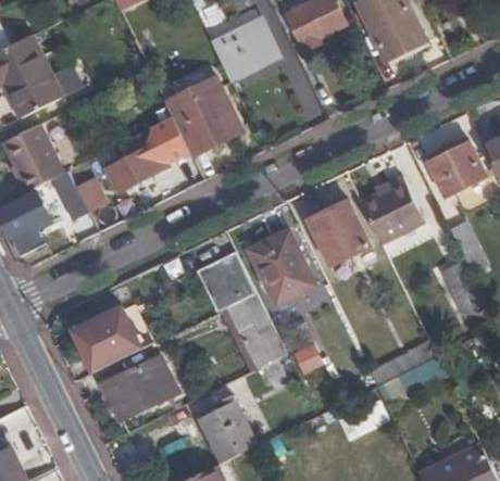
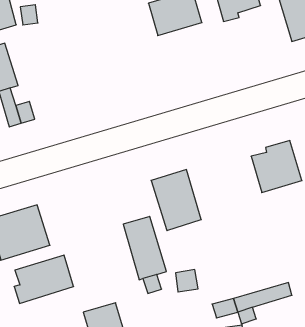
building: [164,76,242,153] -> none
building: [113,137,174,194] -> none
building: [308,200,370,265] -> none
building: [193,253,254,313] -> none

